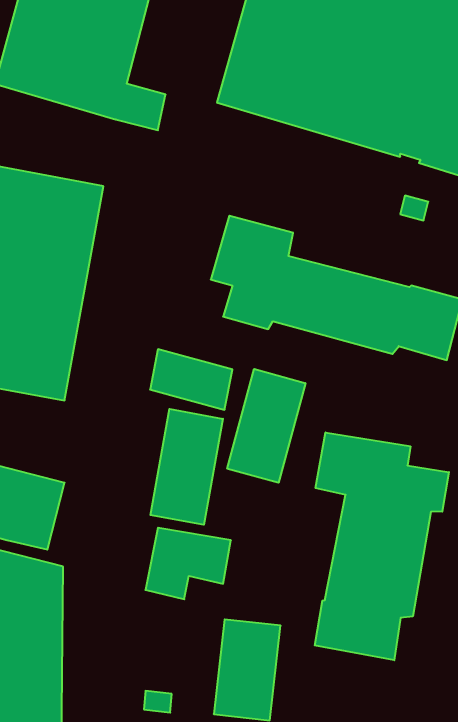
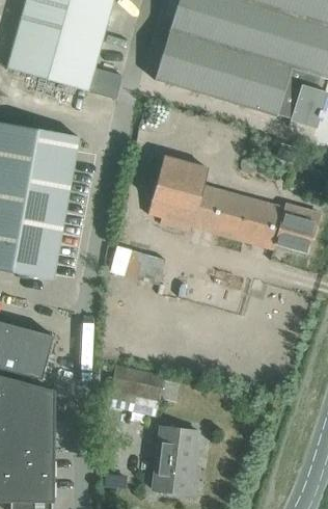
building: [227,369,305,483] -> none
building: [150,409,223,525] -> none
building: [315,432,449,660] -> none

